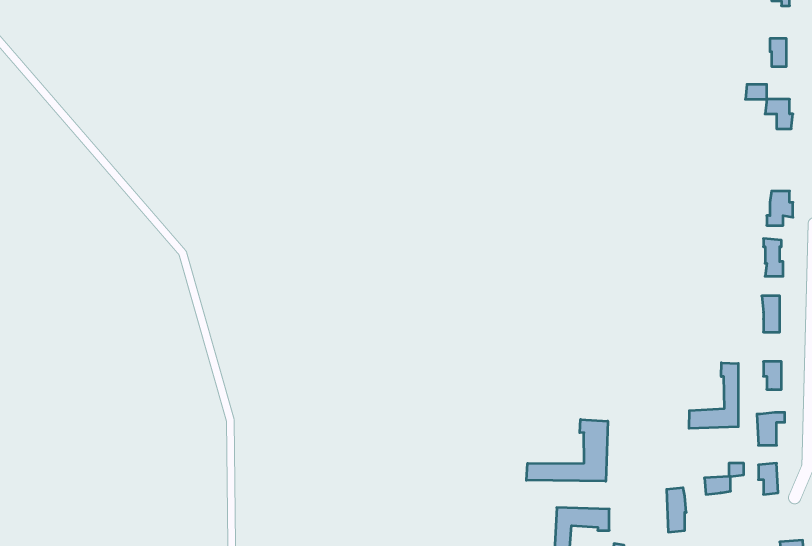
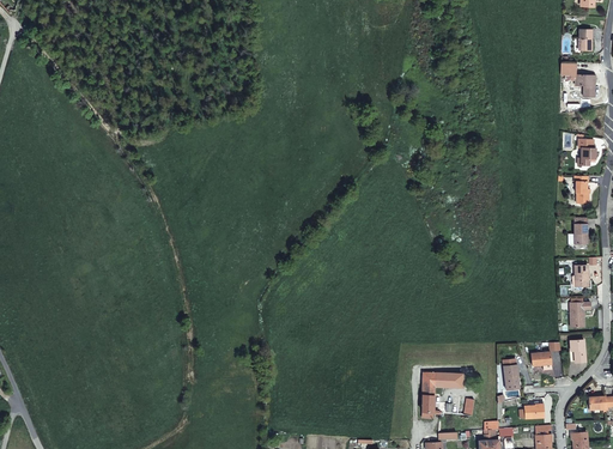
building: [689,363,738,428] -> none
building: [526,419,608,481] -> none

